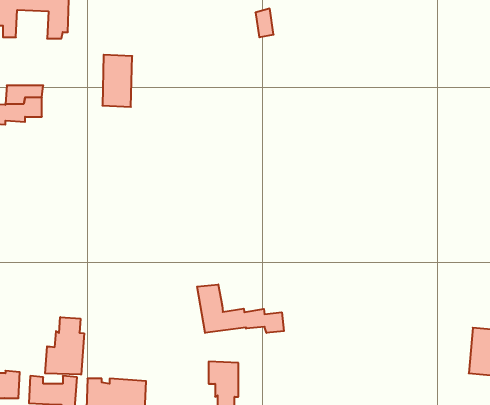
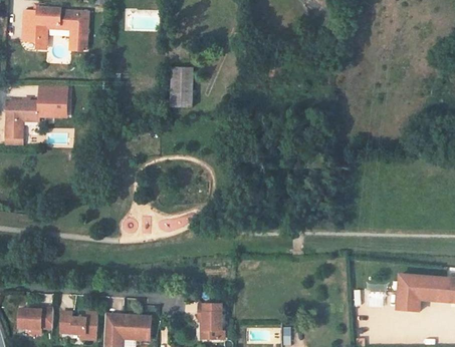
building: [102,55,132,107] -> [171,69,194,109]
building: [197,284,284,333] -> none
building: [45,317,84,375] -> none

